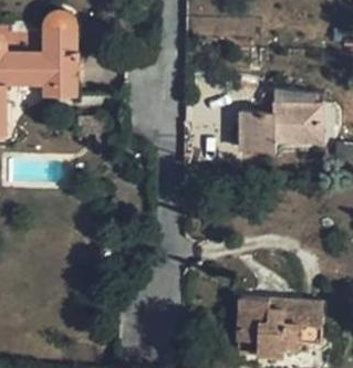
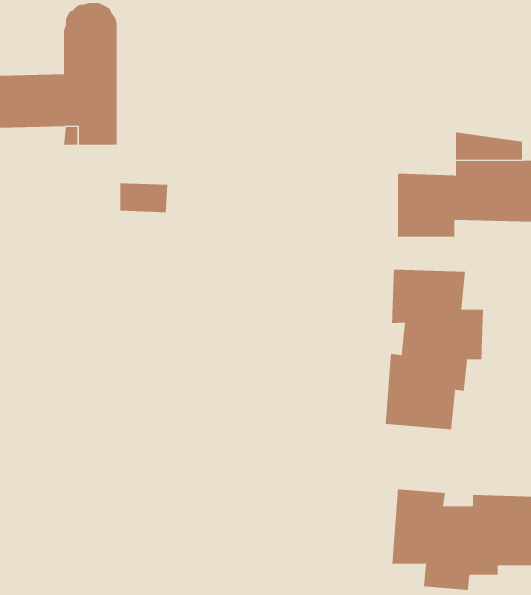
building: none -> [385,269,483,430]

